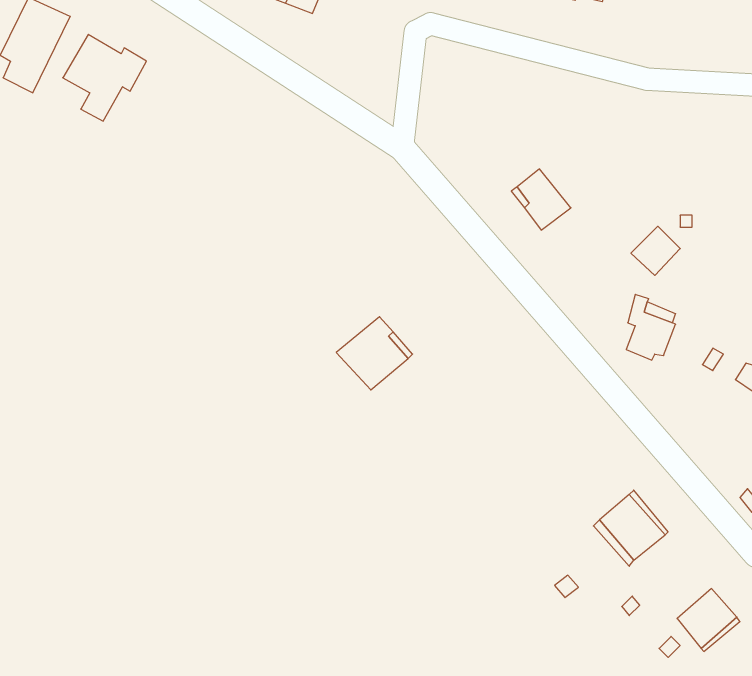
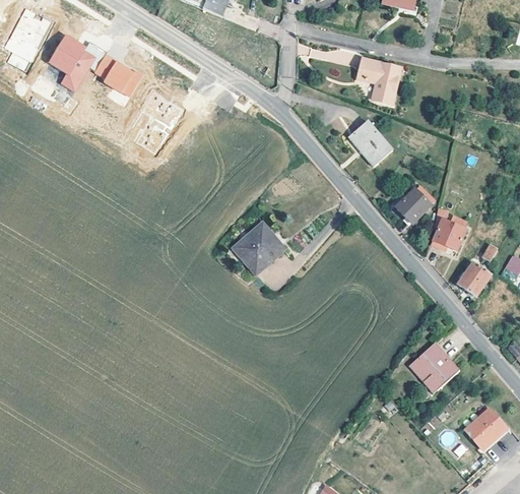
building: none -> [92,52,142,95]
building: none -> [358,60,399,106]
building: [631,226,680,275] -> [397,188,431,222]
building: none -> [457,263,490,297]

